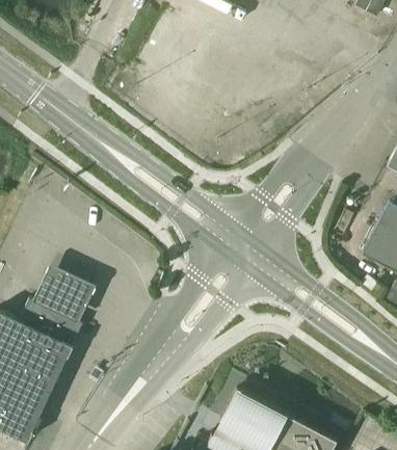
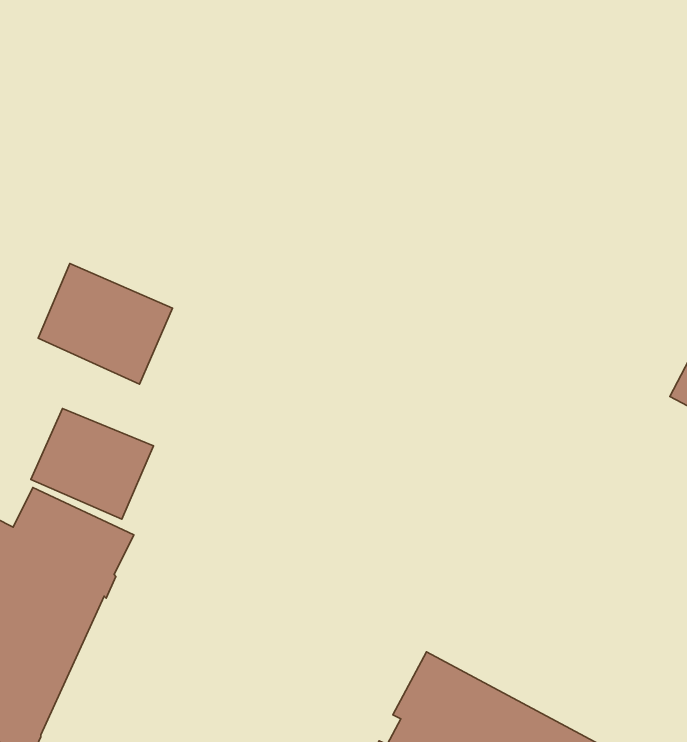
building: none -> [38,264,173,384]

